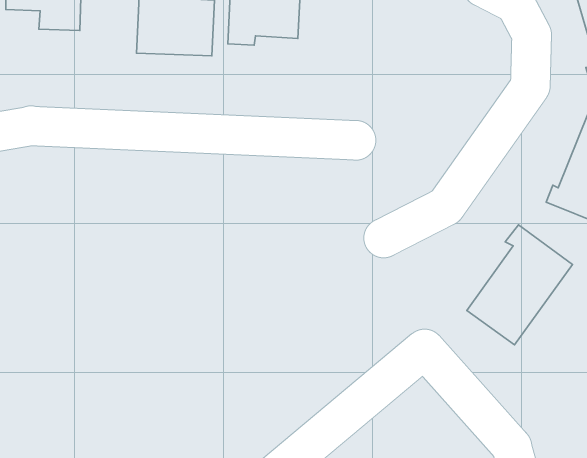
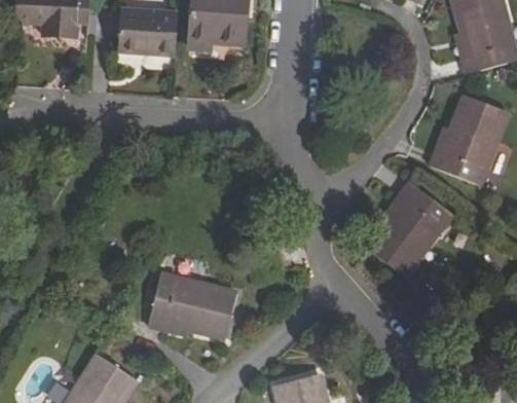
building: none -> [148,287,233,347]

